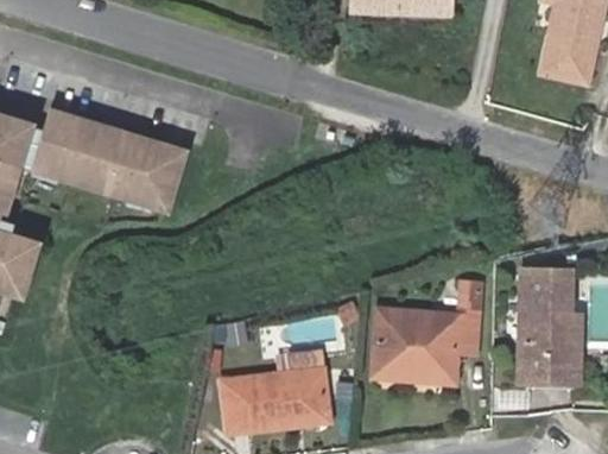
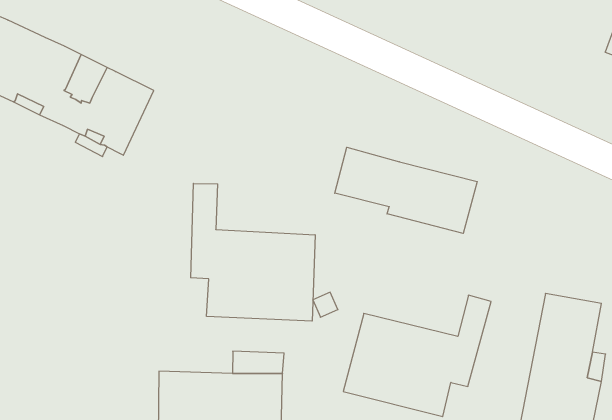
building: none -> [335,147,477,233]
building: none -> [191,183,315,321]

